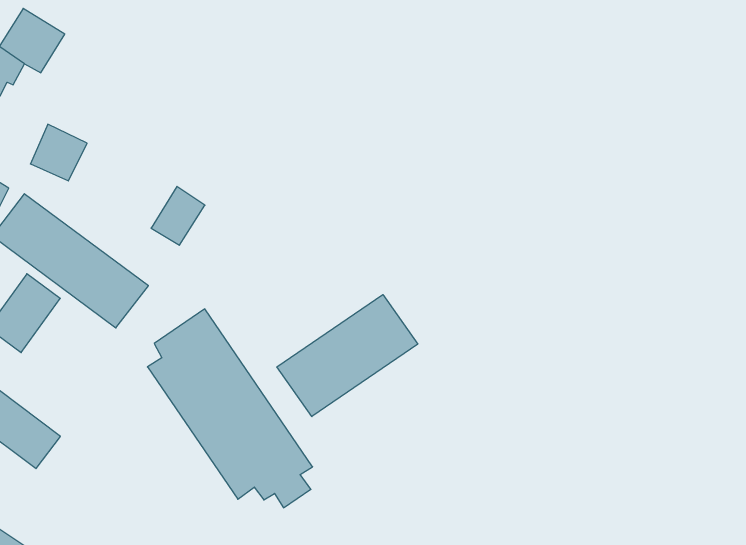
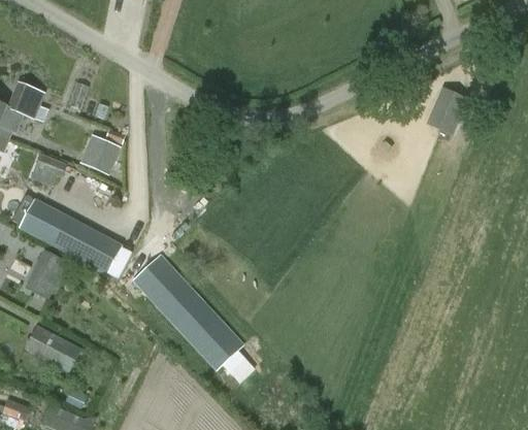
building: none -> [425,88,466,135]
building: [151,186,205,245] -> [88,137,120,174]
building: [277,295,418,417] -> none

